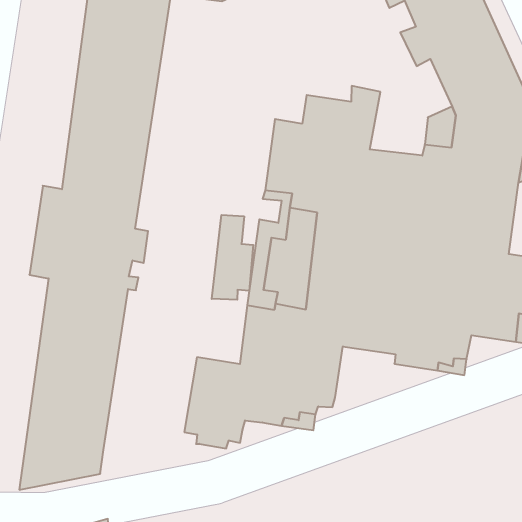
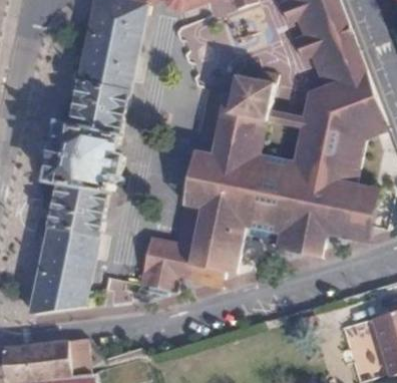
building: [212,215,253,300] -> none

